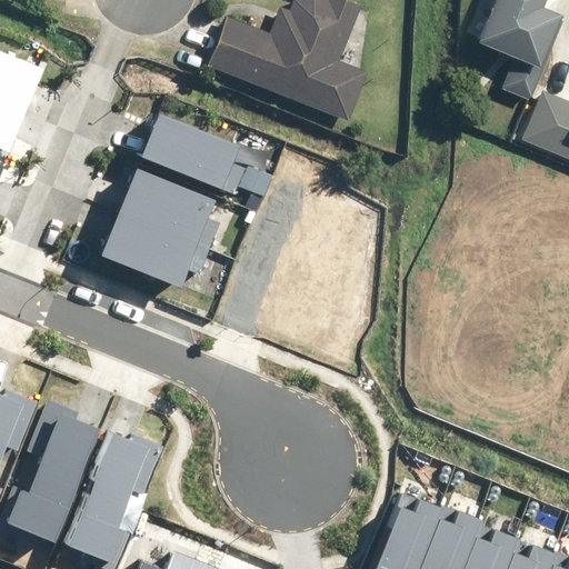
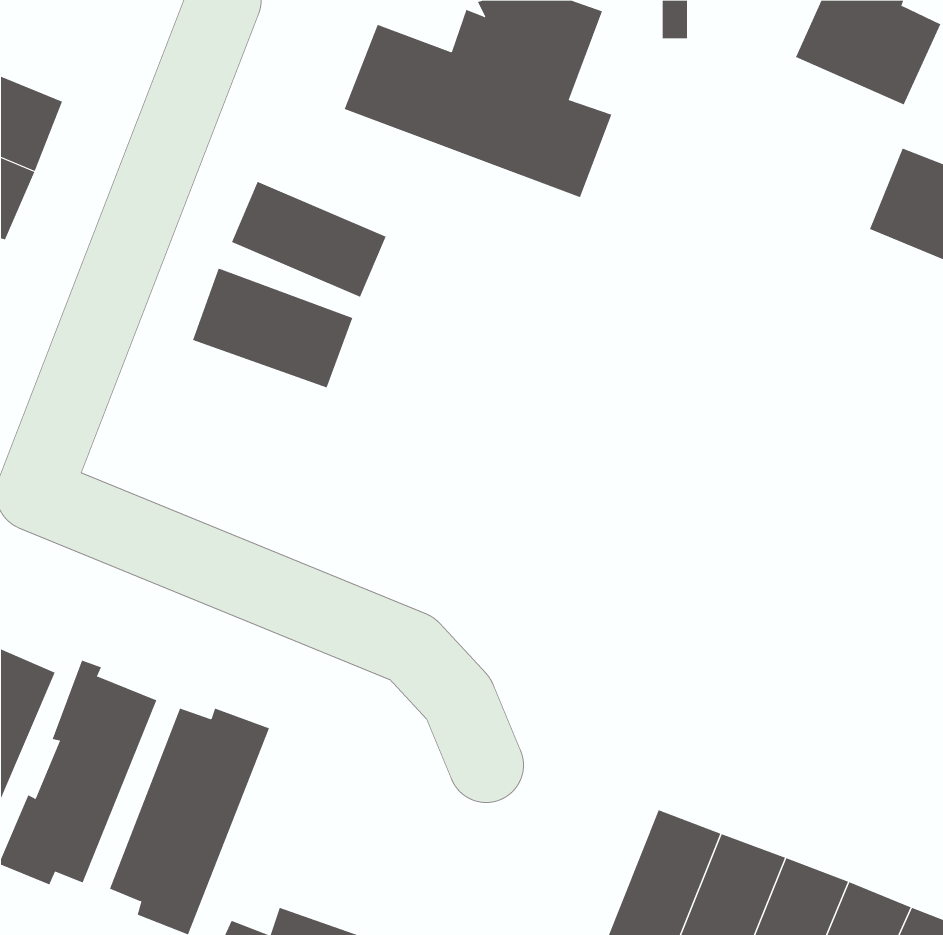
building: [101,210,198,281] -> none

